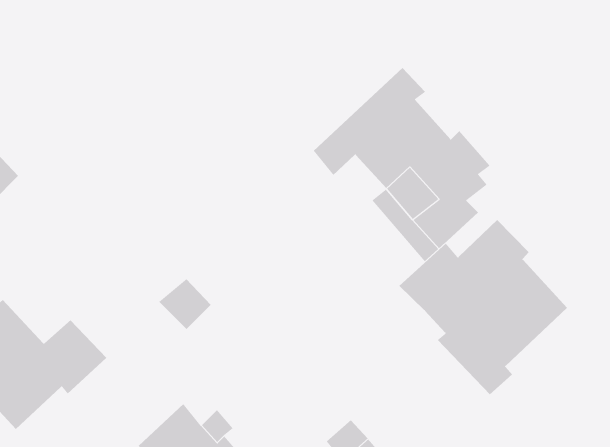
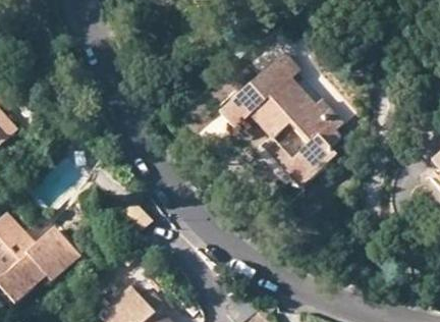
building: [399,219,568,395] -> none

